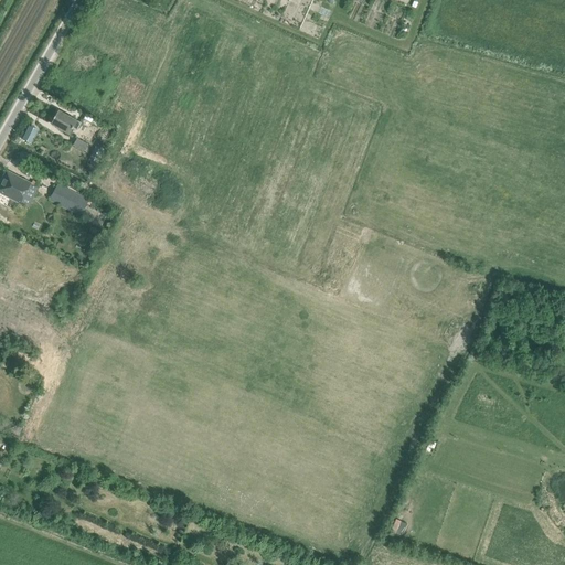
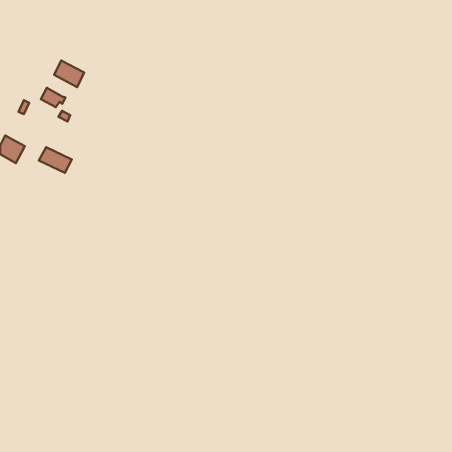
building: none -> [54,60,84,87]

